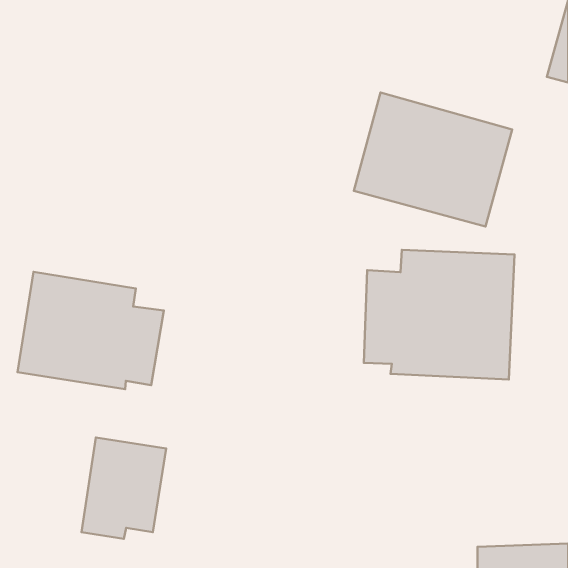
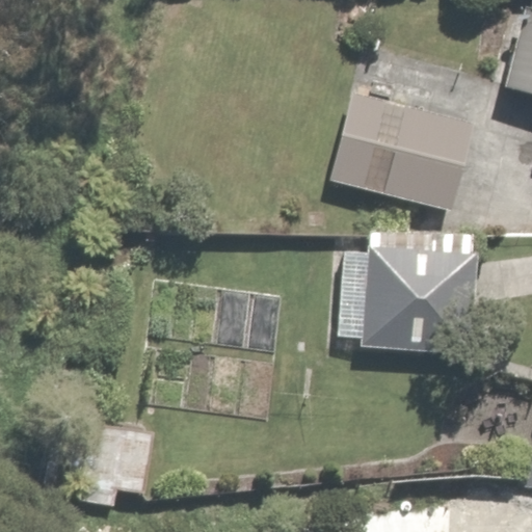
building: [18,272,164,389] -> none

